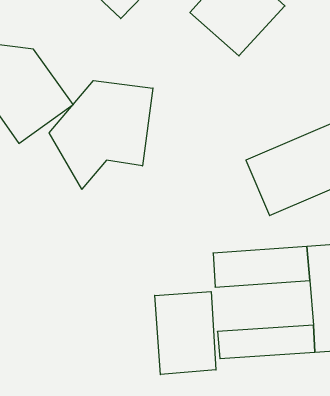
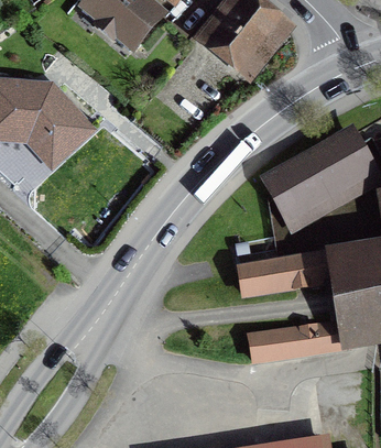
building: [49,81,153,189] -> none
building: [155,292,216,375] -> none

